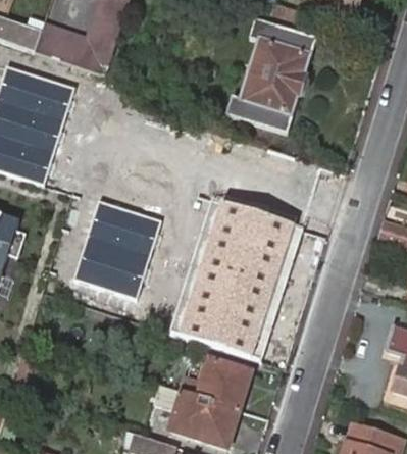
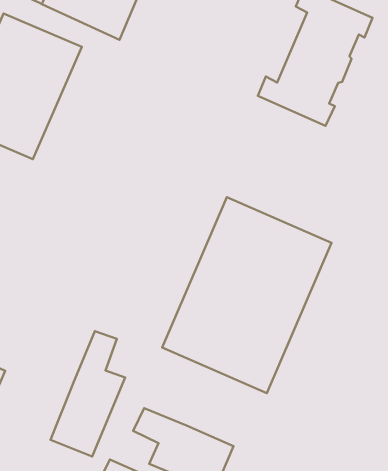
building: [73,200,160,297] -> none
building: none -> [51,331,125,457]
building: [197,361,251,409] -> none

